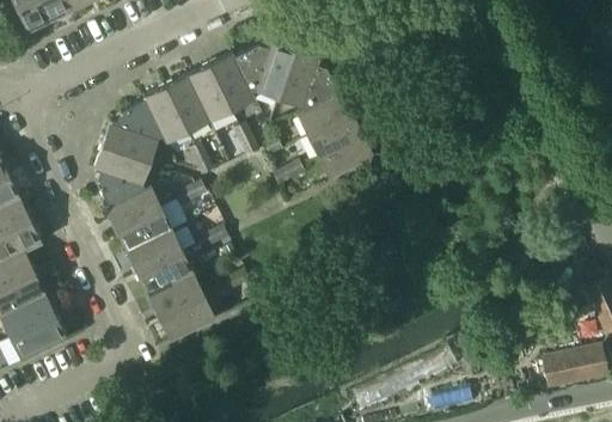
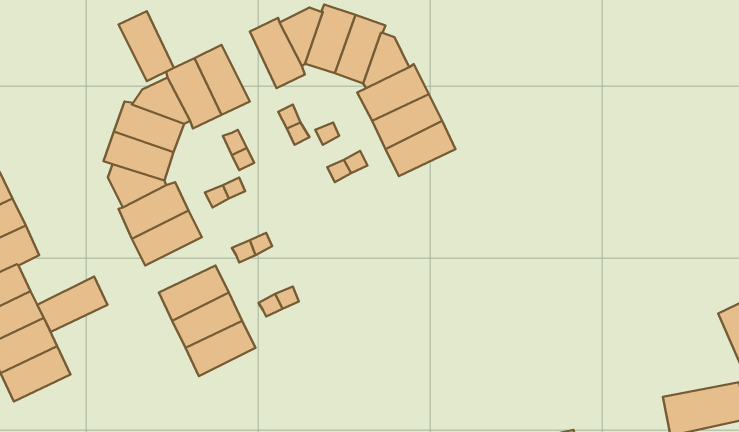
building: [188,65,232,121] -> [119,11,174,81]
building: [127,230,183,274] -> [37,277,107,332]

